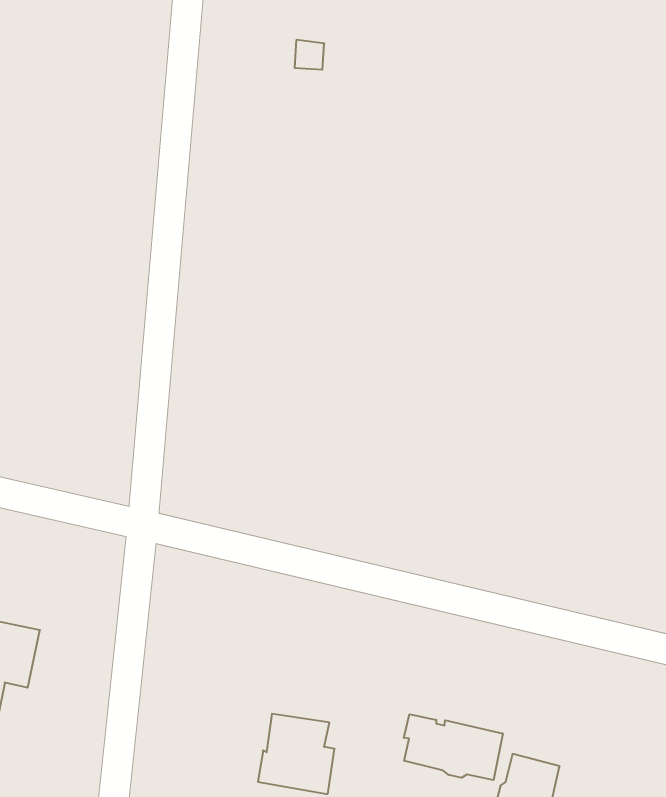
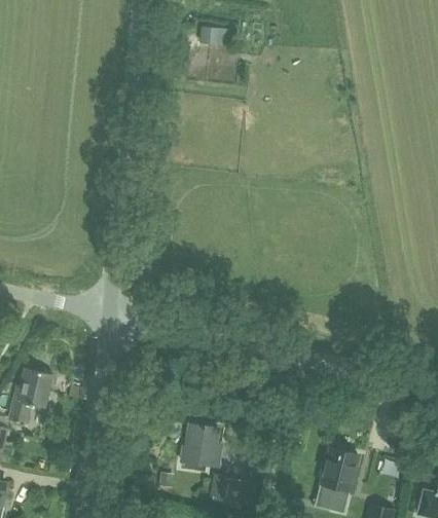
building: [404,714,503,780] -> none

